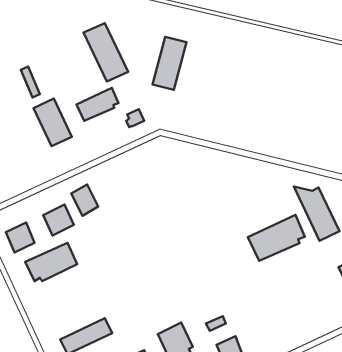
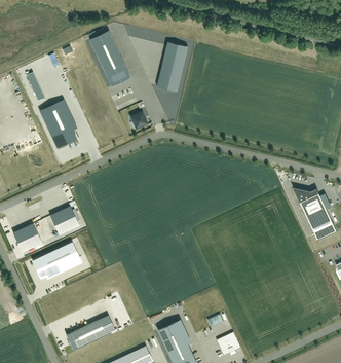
building: [76,88,118,121] -> none
building: [71,185,98,216] -> none
building: [248,215,305,261] -> none

